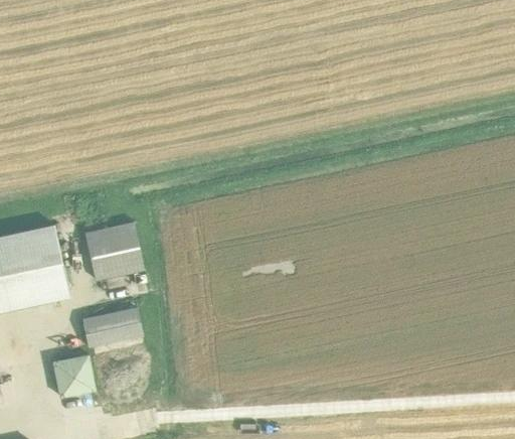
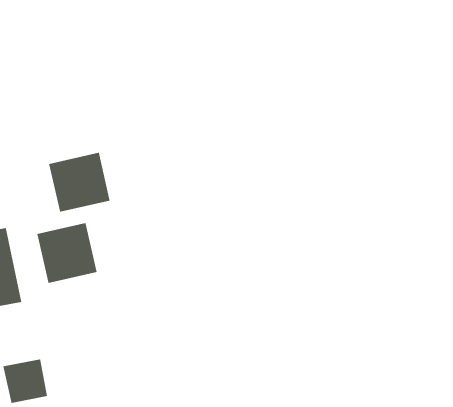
building: none -> [48,152,110,213]
building: [82,306,143,348] -> none

